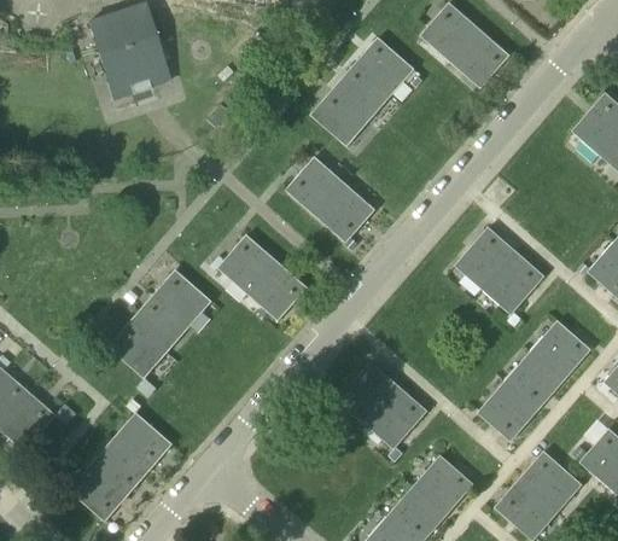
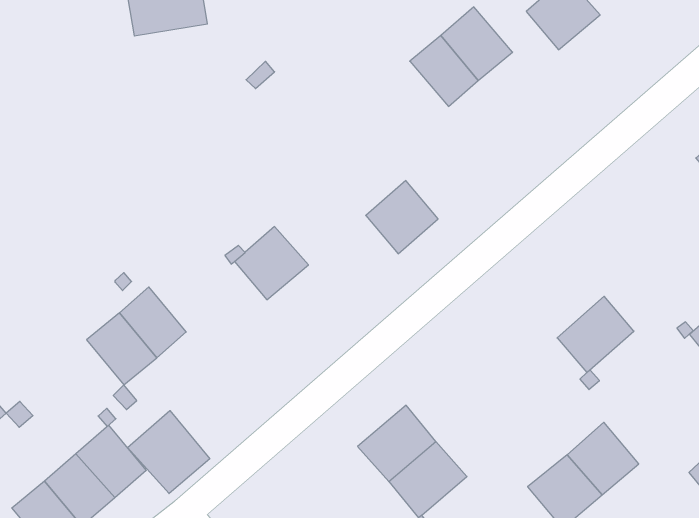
building: [450,28,509,87] -> none
building: [310,87,369,145] -> none
building: [285,156,344,215] -> none
building: [454,227,515,290] -> none
building: [247,261,307,320] -> none
building: [152,269,211,328] -> none
building: [530,320,590,380] -> none
building: none -> [127,411,210,494]

